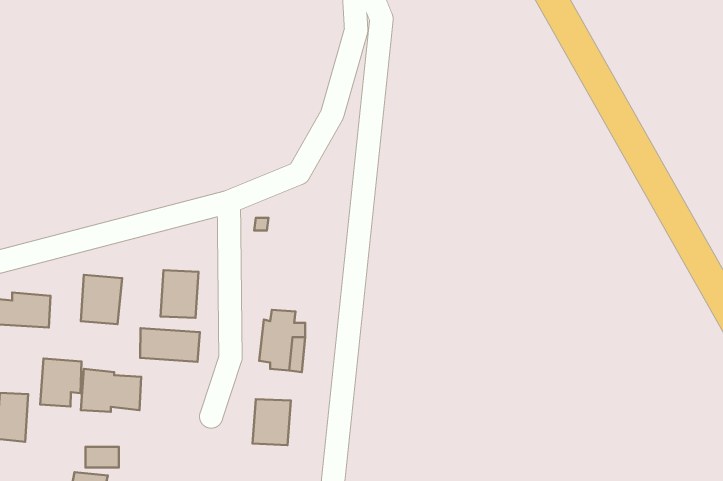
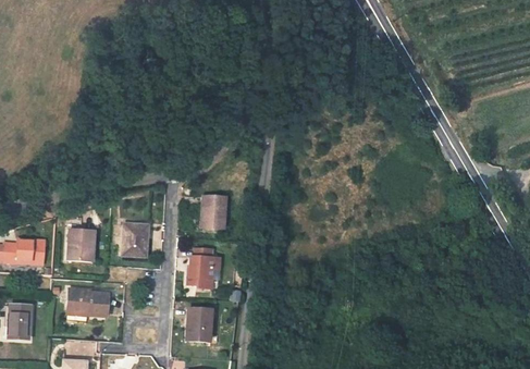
building: none -> [201,195,225,226]
building: [140,328,200,362] -> none
building: [40,358,82,407] -> none

